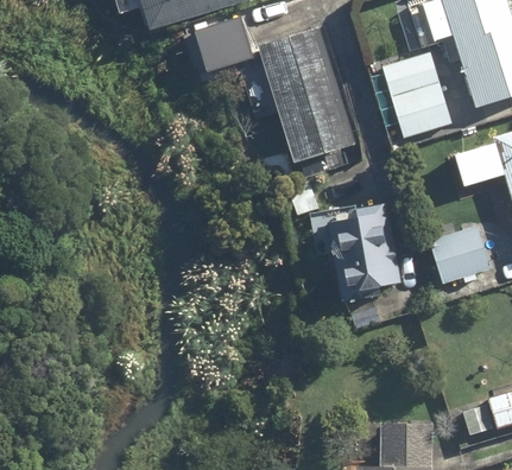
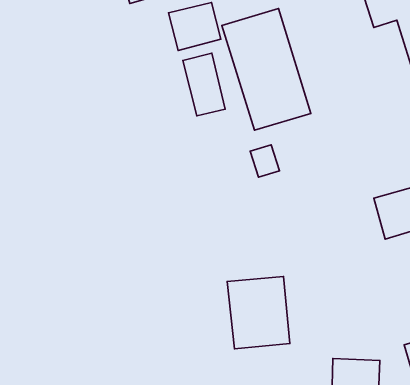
building: [381,51,451,138] -> none
building: none -> [183,53,225,116]
building: [328,209,399,291] -> [227,276,290,349]

